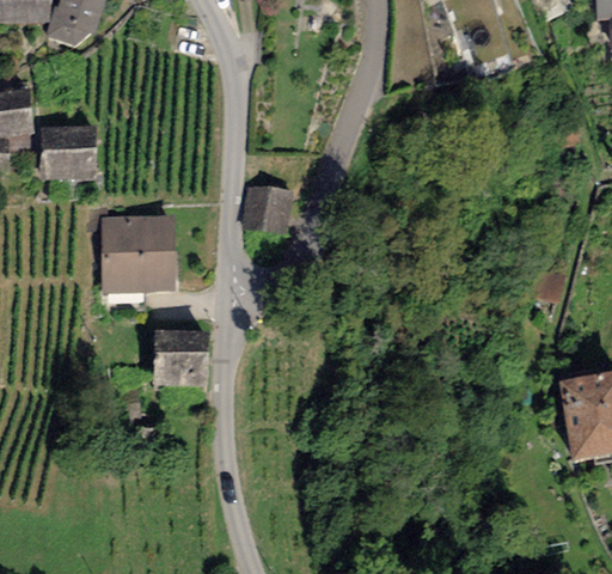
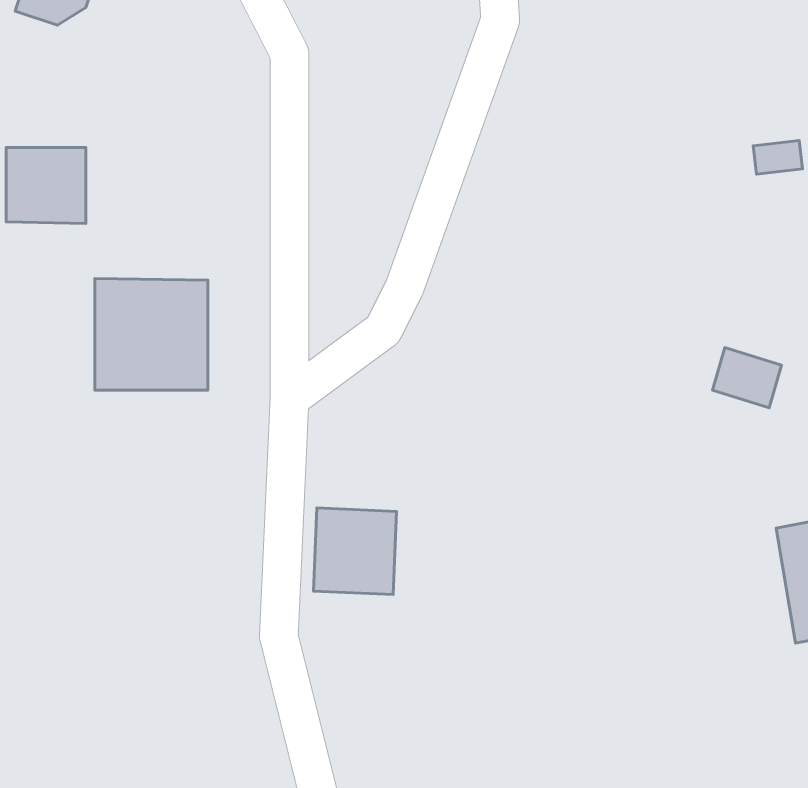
building: [243,184,288,232] -> none
building: [153,331,209,390] -> [313,508,397,595]

